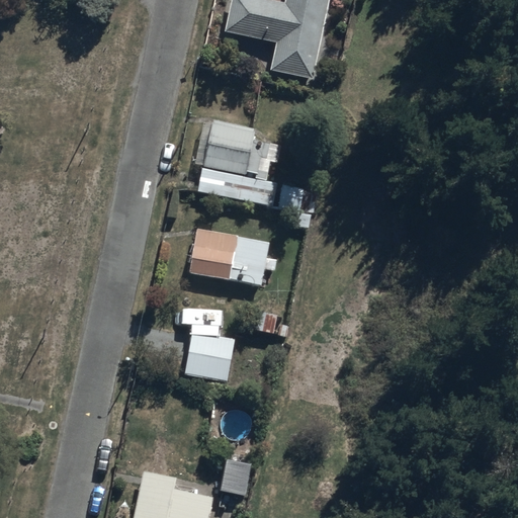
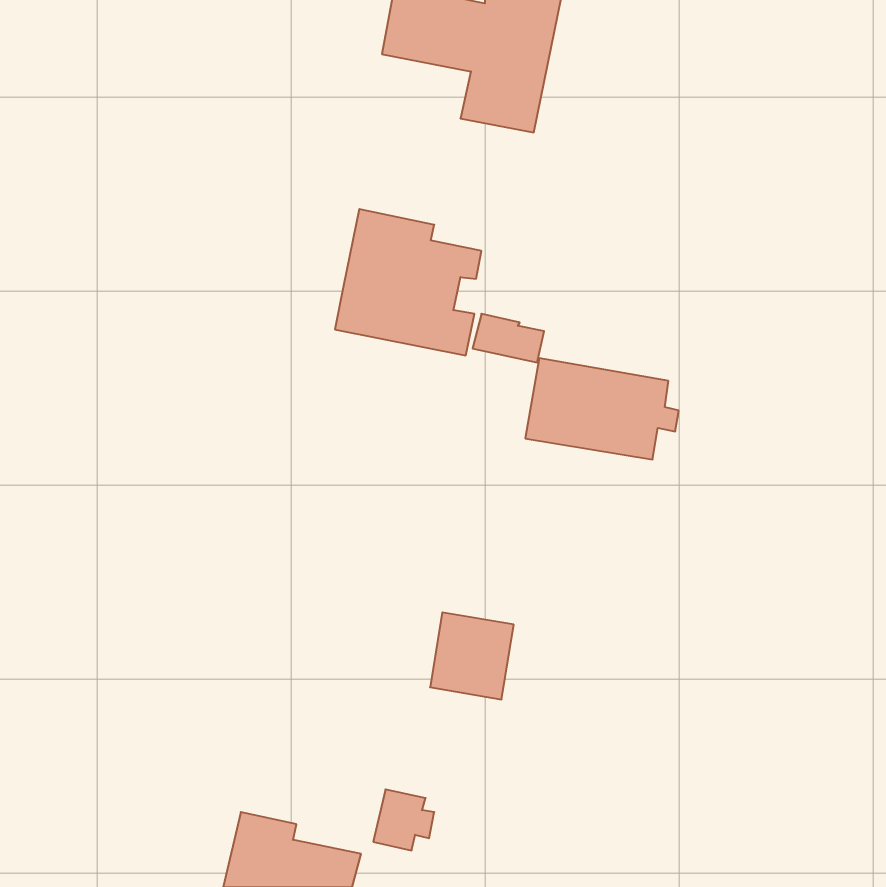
building: [188,228,277,286] -> [525,358,679,459]
building: [186,331,235,381] -> [430,612,514,699]

